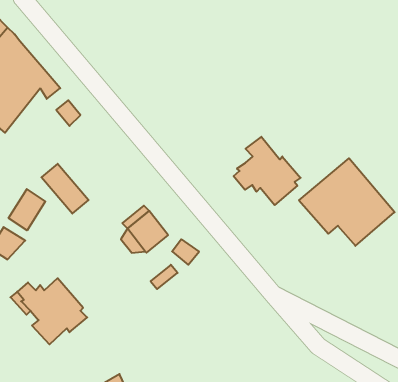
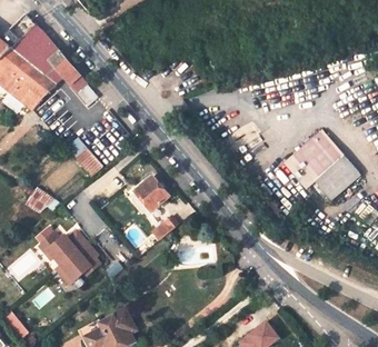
building: [234,137,301,205] -> none
building: [9,189,45,230] -> none

